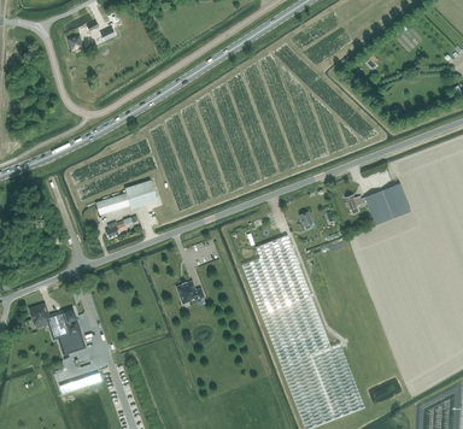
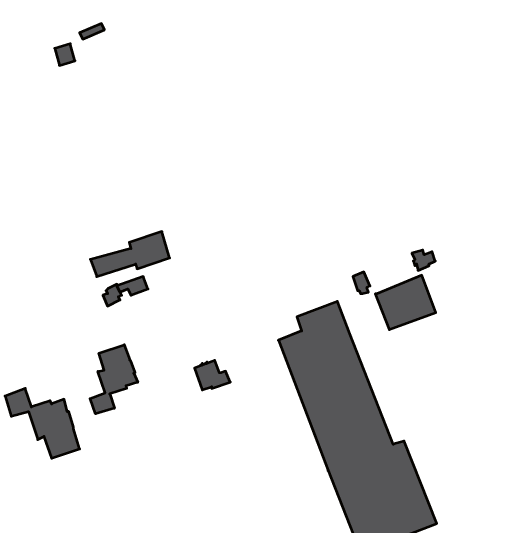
building: [364,183,411,225] -> [375,275,436,330]
building: none -> [90,345,138,414]

